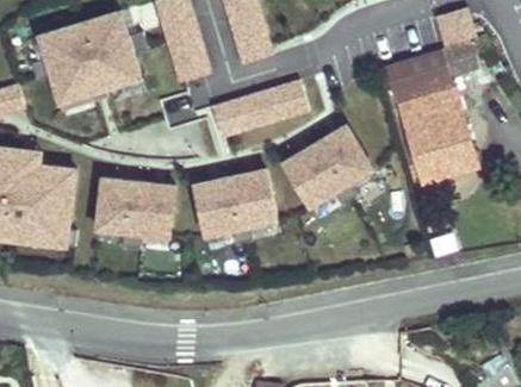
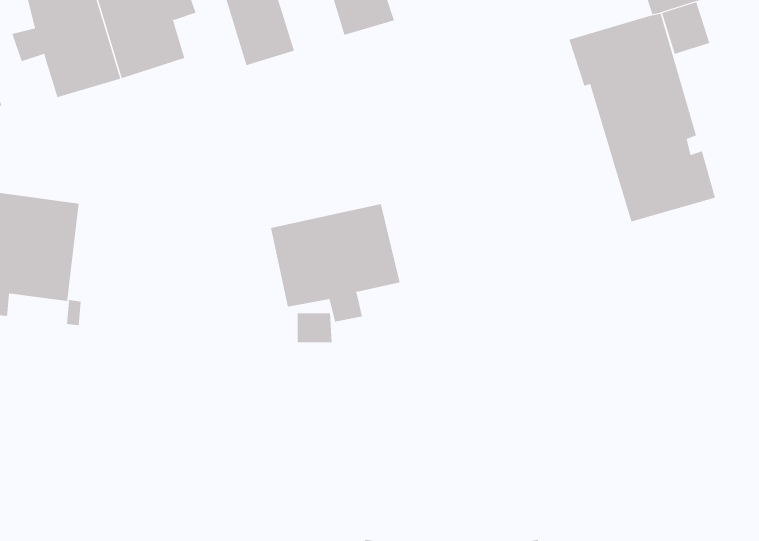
building: [212,80,308,137] -> none
building: [283,125,372,206] -> none
building: [97,177,175,249] -> none

